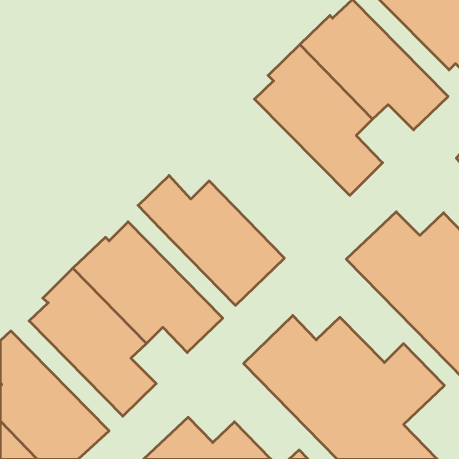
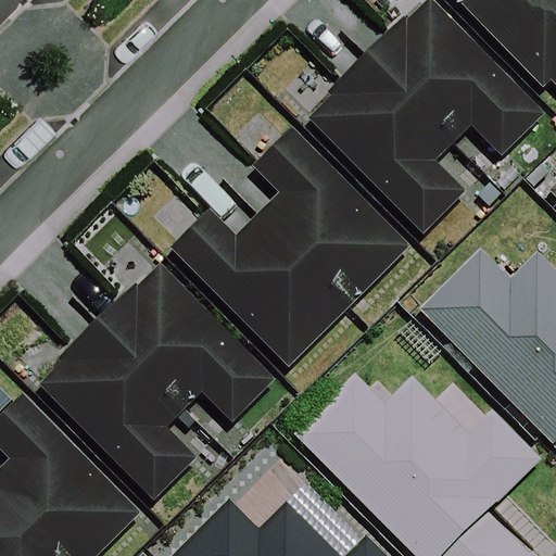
building: none -> [252,129,407,308]

